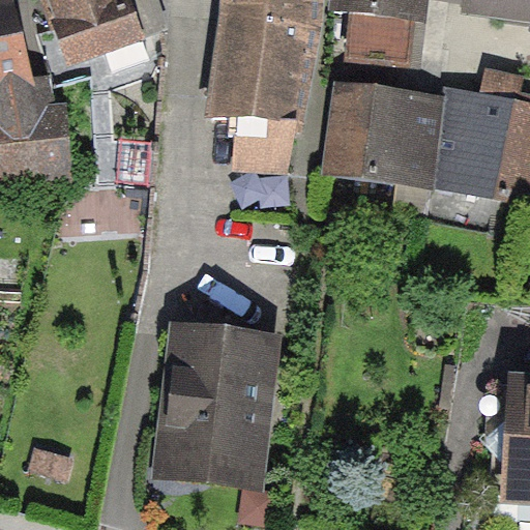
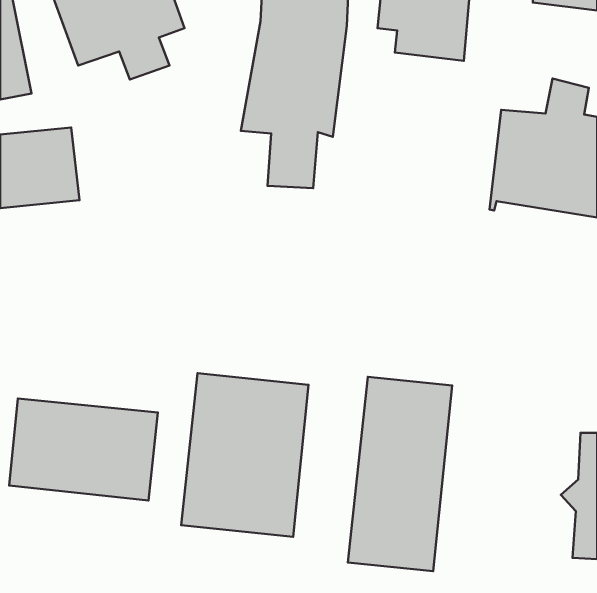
building: [329,86,444,185] -> none
building: none -> [348,377,452,571]
building: none -> [9,398,158,500]

